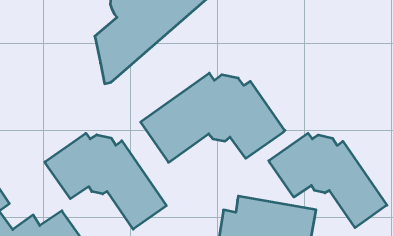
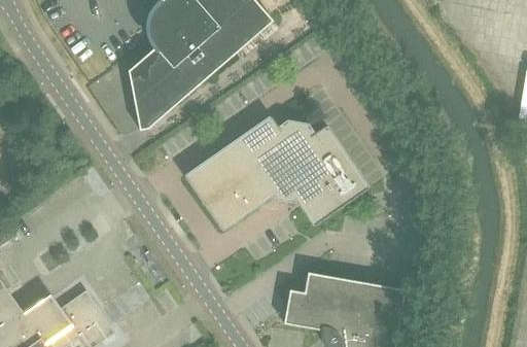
building: [45,133,166,229] -> none
building: [269,133,387,228] -> none

